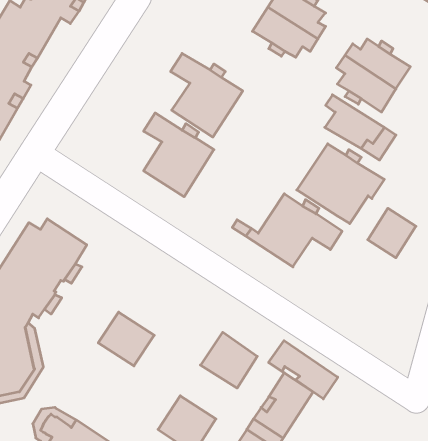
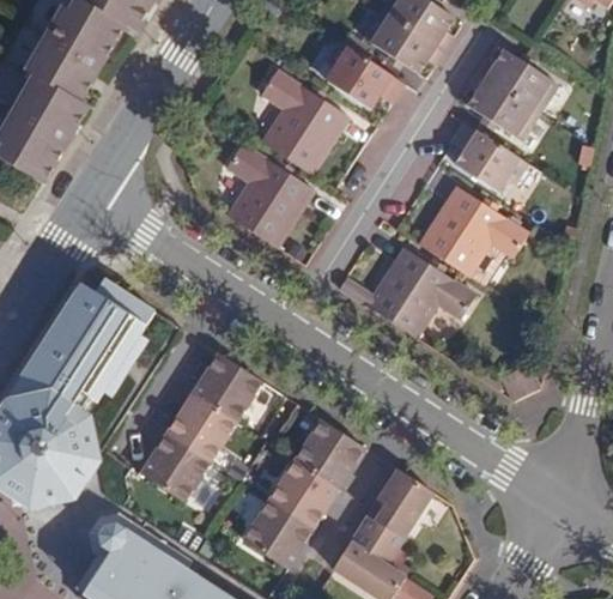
building: none -> [326,44,402,111]
building: [368,208,416,258] -> none
building: none -> [194,351,265,422]
building: [269,341,338,399] -> none
building: none -> [142,431,213,501]
building: none -> [271,459,341,526]

